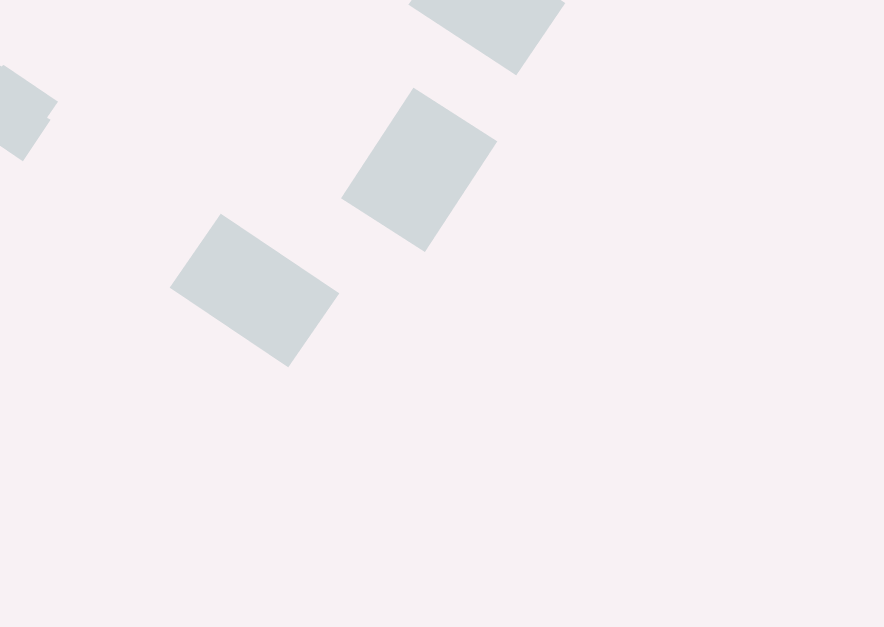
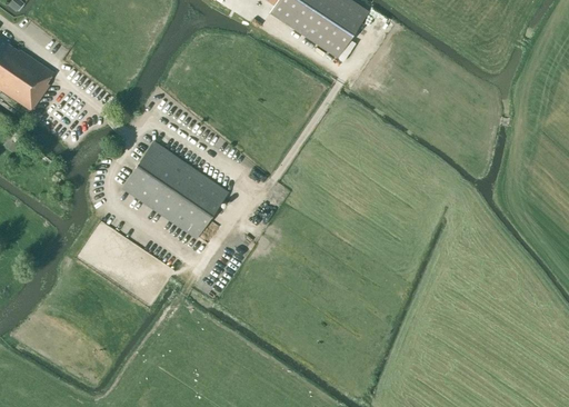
building: [340,87,499,253] -> none

